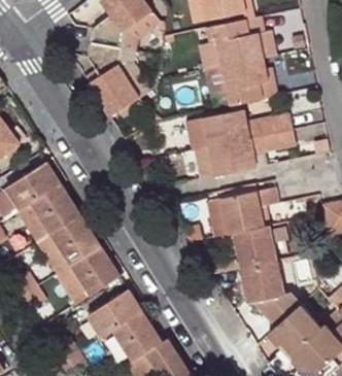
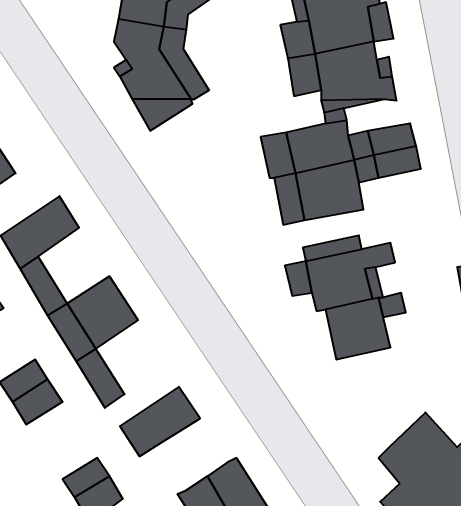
building: [34,180,82,232] -> none
building: [73,243,122,294] -> none
building: [237,262,298,330] -> none
building: [114,310,163,360] -> none

